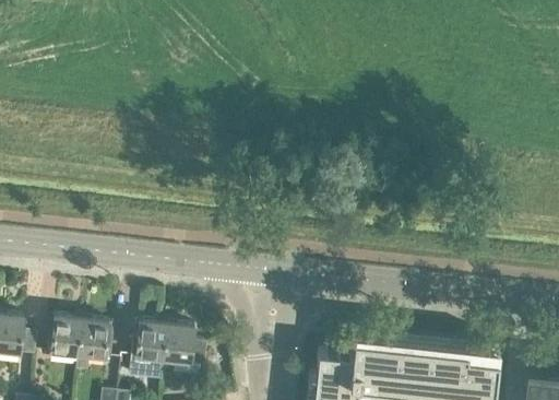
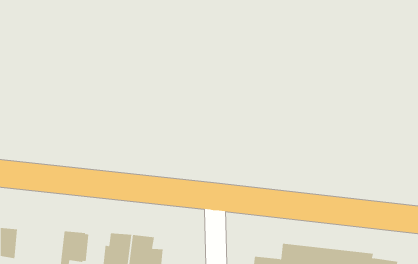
building: [47,315,82,356] -> none

